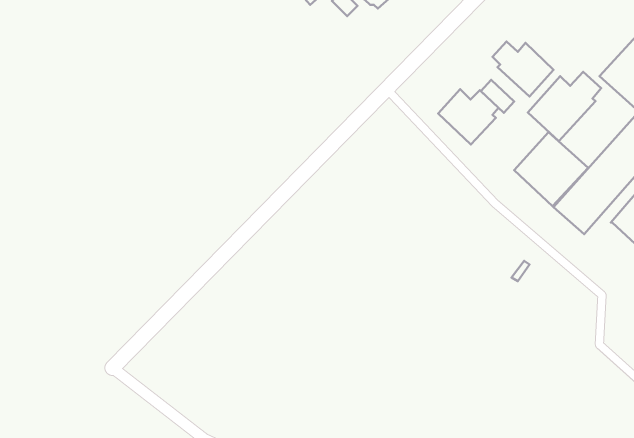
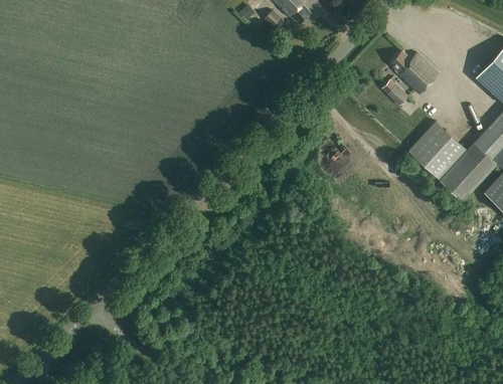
building: [528,72,601,141] -> none
building: [438,89,498,144] -> none

